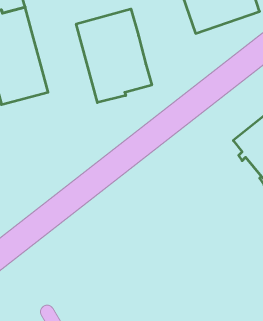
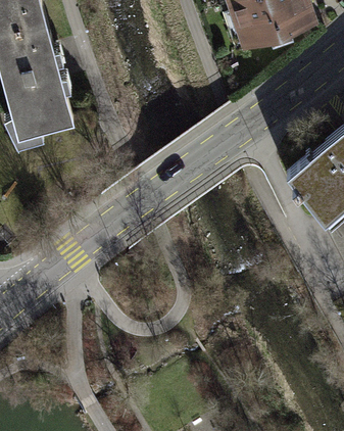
building: [76,9,152,103] -> none

